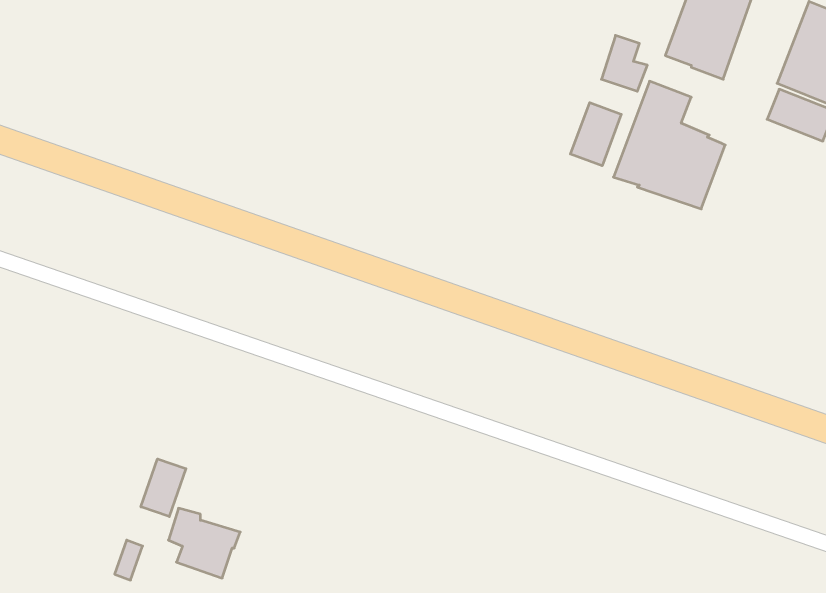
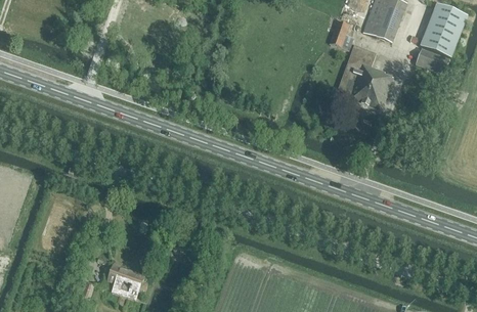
building: [570,103,621,166] -> none
building: [141,459,186,517] -> none

